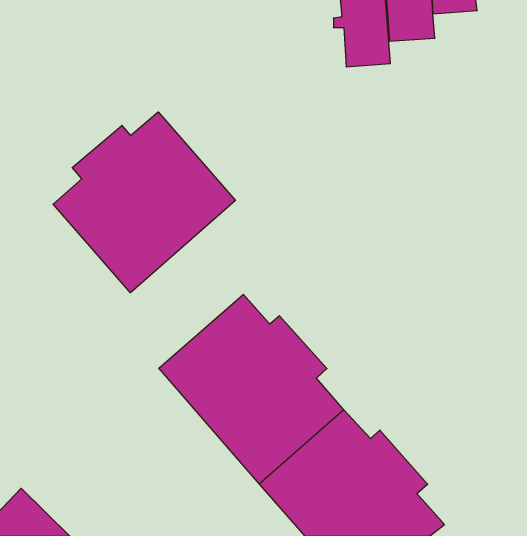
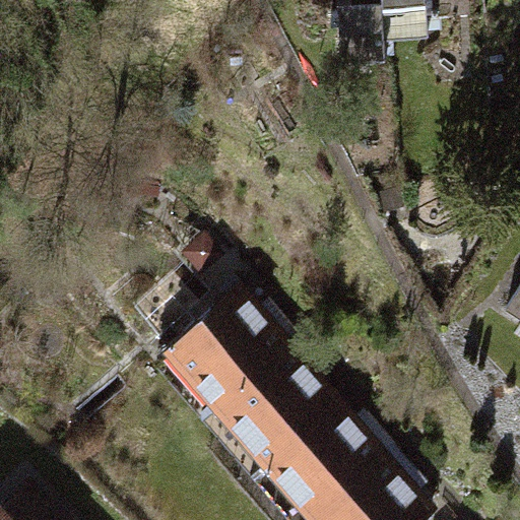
building: [53,112,235,293] -> none

